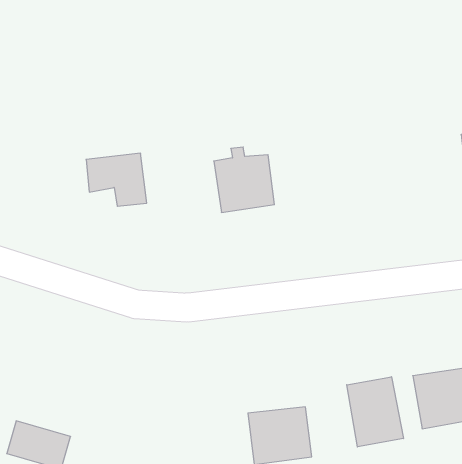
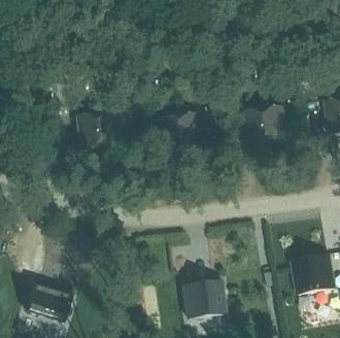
building: none -> [245,105,285,143]
building: [347,377,403,447] -> none

